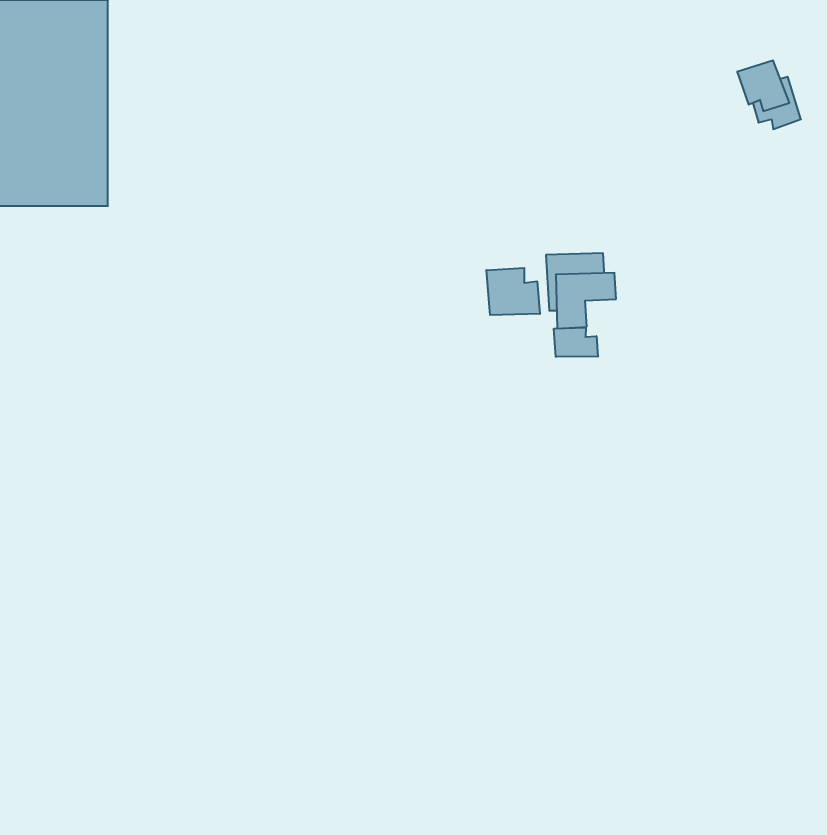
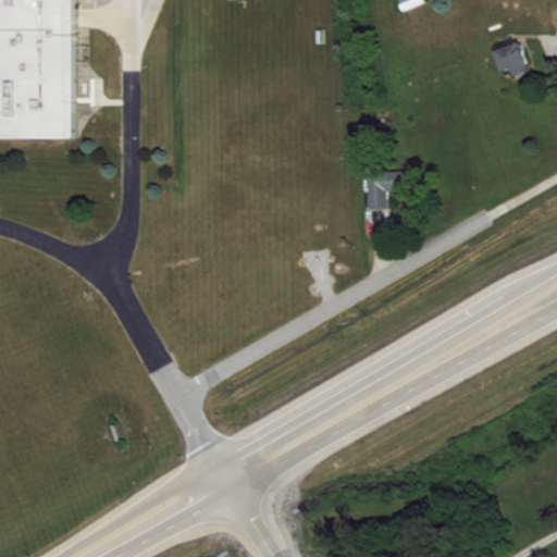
building: [486,268,540,315] -> none
building: [554,328,598,357] -> none

